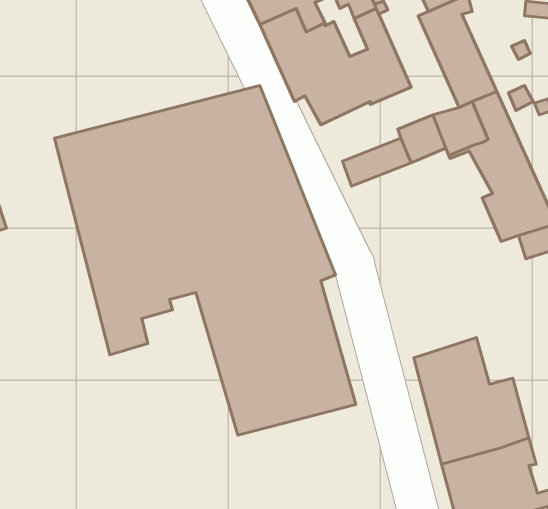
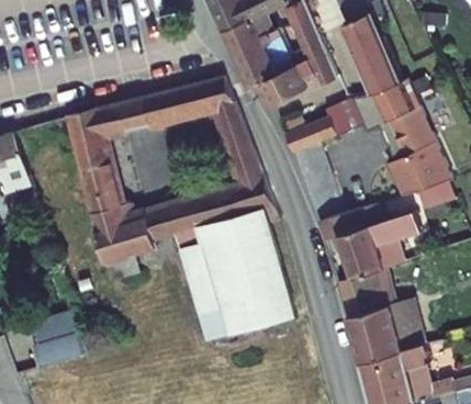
building: none -> [316,204,422,279]
building: none -> [31,311,87,367]

